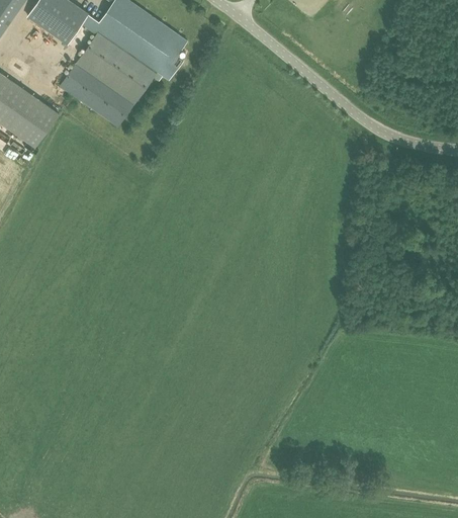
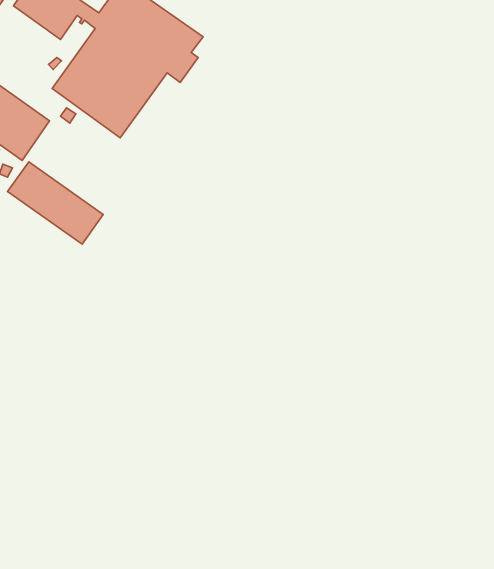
building: none -> [8,162,103,244]

